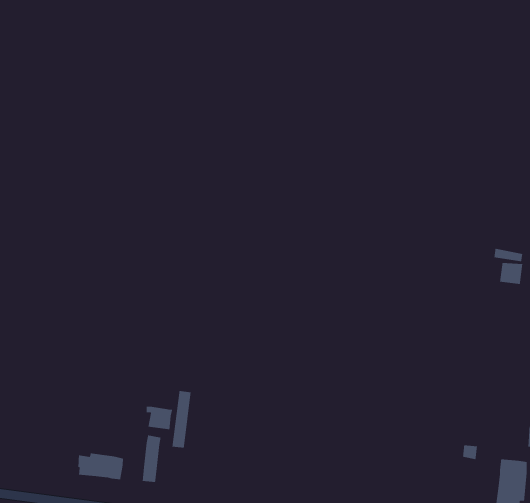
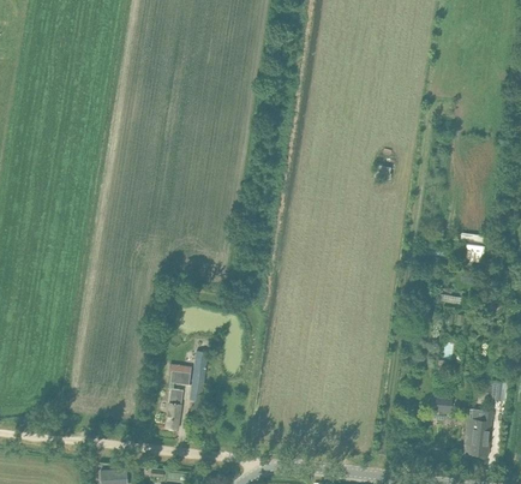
building: [78,453,124,480] -> none

